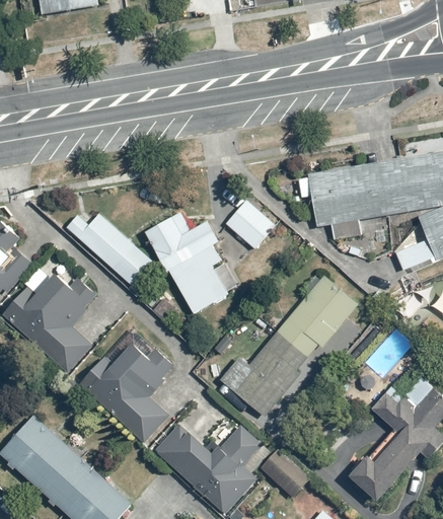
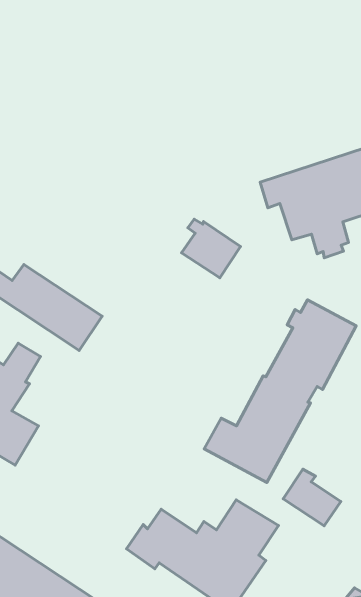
building: [144,211,226,311] -> none
building: [80,345,174,441] -> none
building: [261,448,306,496] -> [283,469,341,526]

